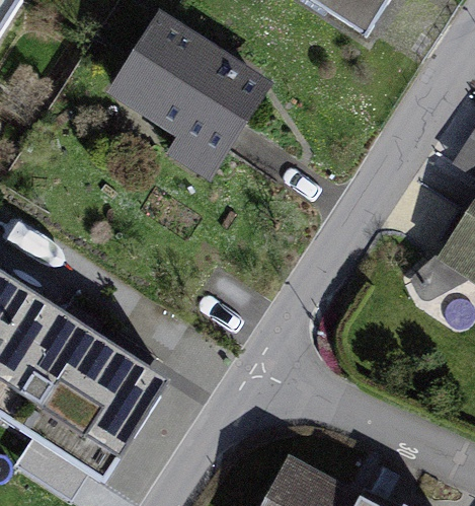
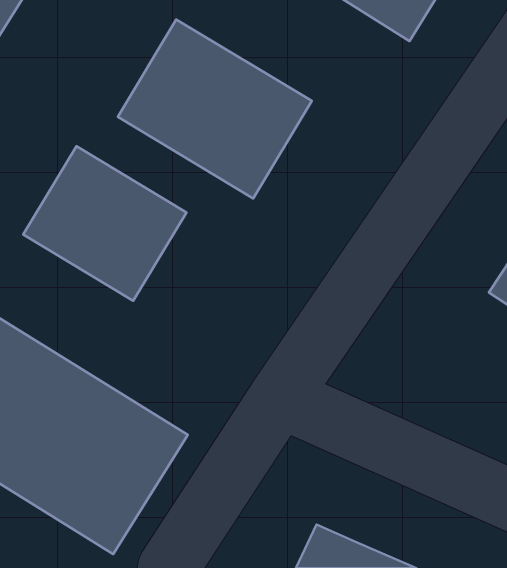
building: none -> [23,146,187,301]

